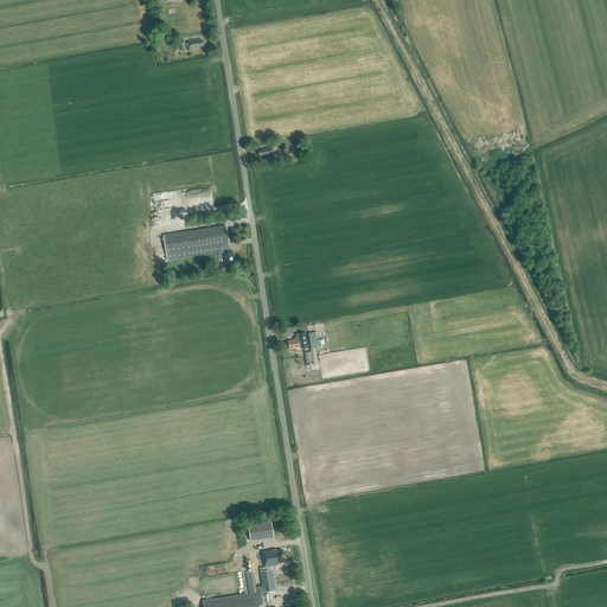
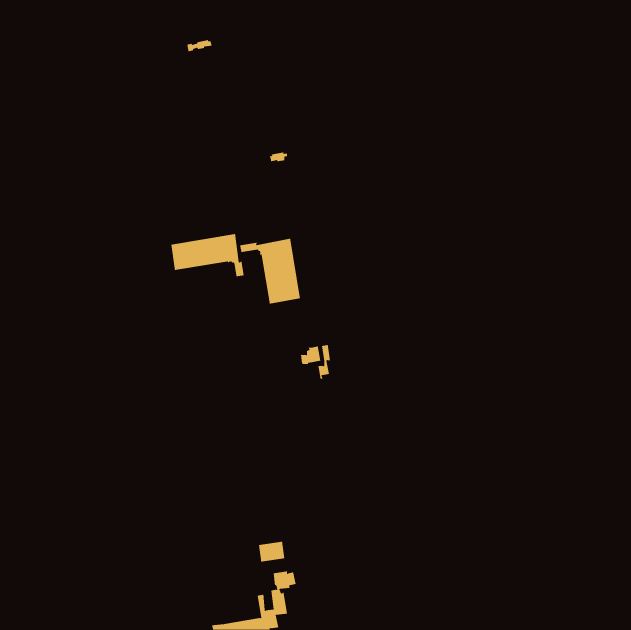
building: none -> [240,238,300,304]

